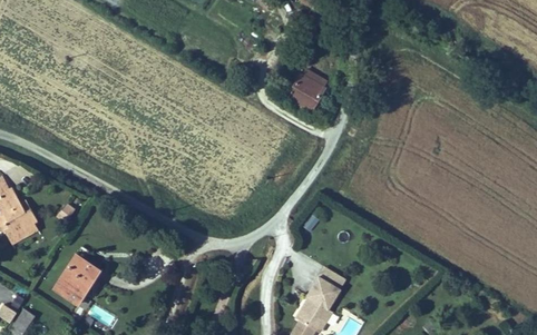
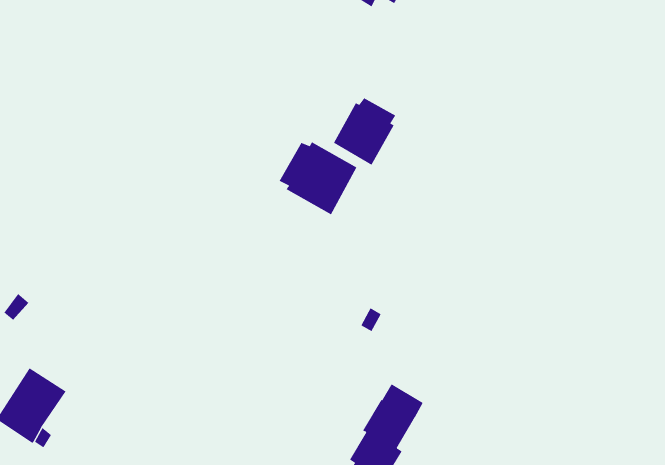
building: none -> [279,142,357,215]

